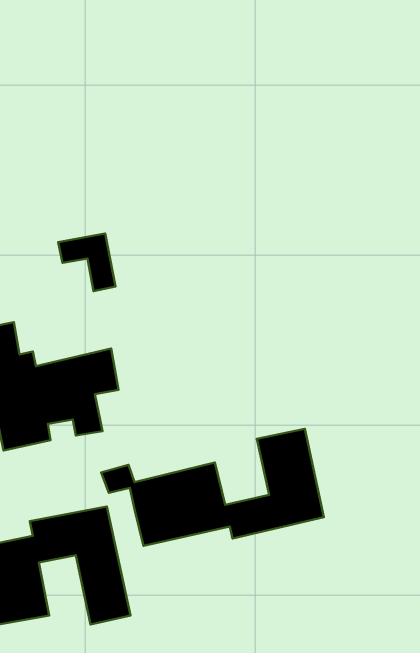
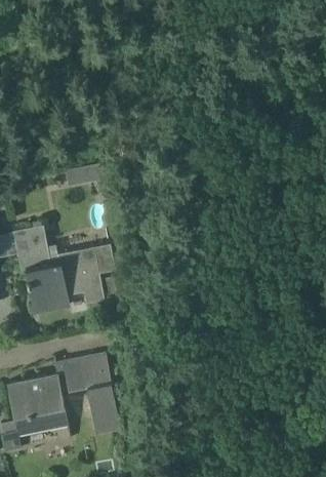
building: [101,429,324,546] -> none

